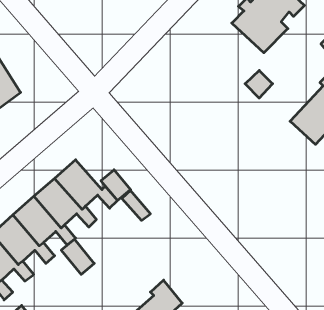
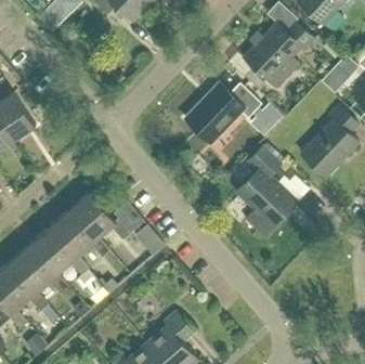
building: none -> [185,82,262,143]
building: none -> [236,145,298,236]

